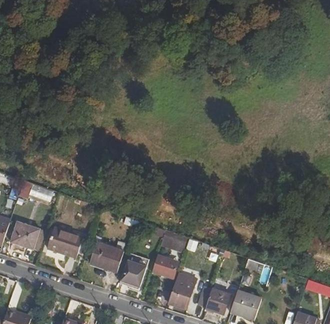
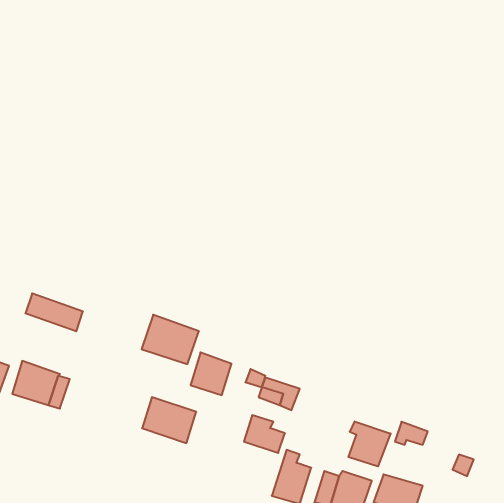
building: [48,227,83,257] -> [142,315,199,364]
building: none -> [348,421,391,466]
building: [122,260,147,286] -> [191,352,232,395]

